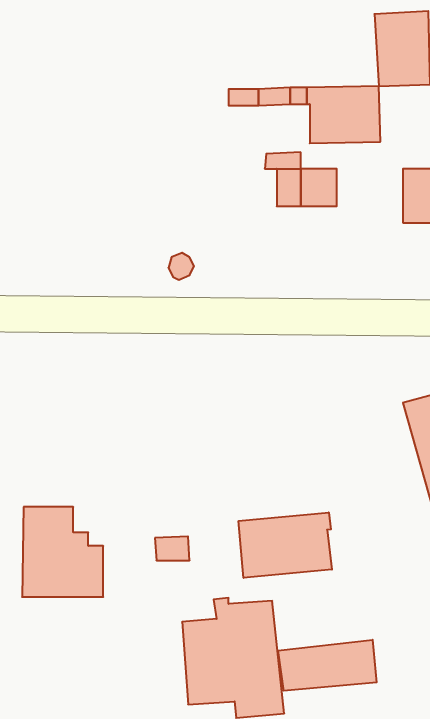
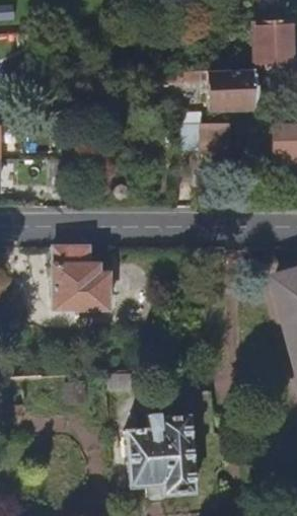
building: [22,507,103,597] -> [53,247,107,308]
building: [239,512,332,578] -> none
building: [278,640,377,691] -> none

